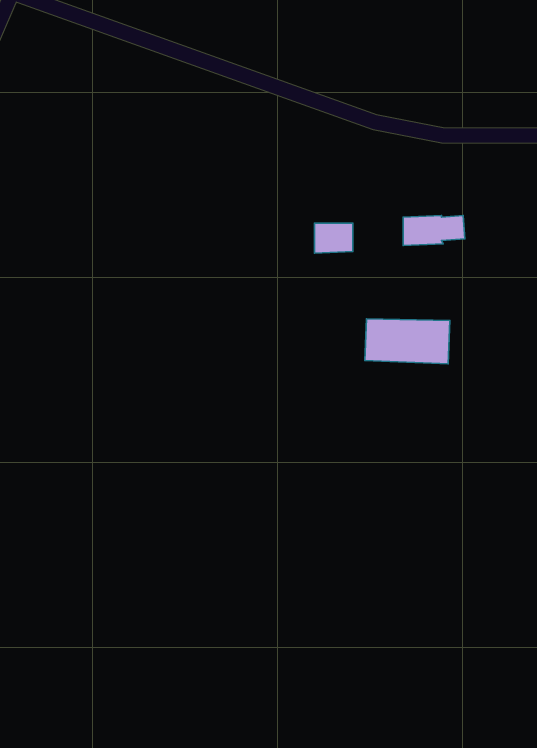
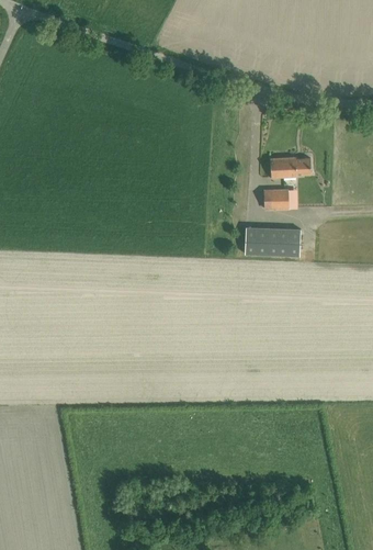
building: [315,223,353,253] -> [263,191,289,211]

